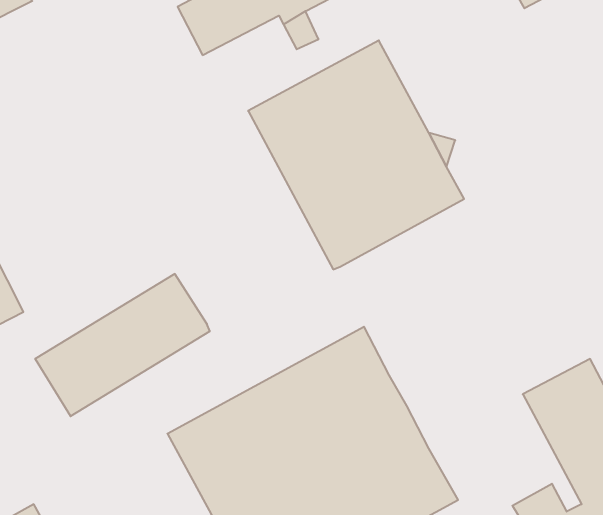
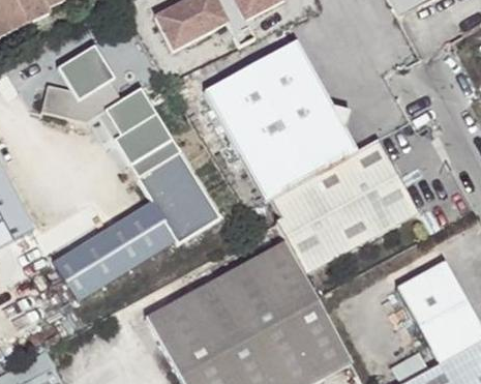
building: none -> [39,55,217,238]
building: none -> [269,140,416,274]

